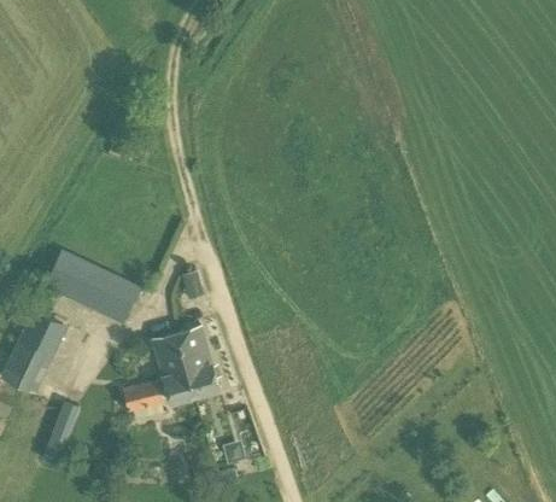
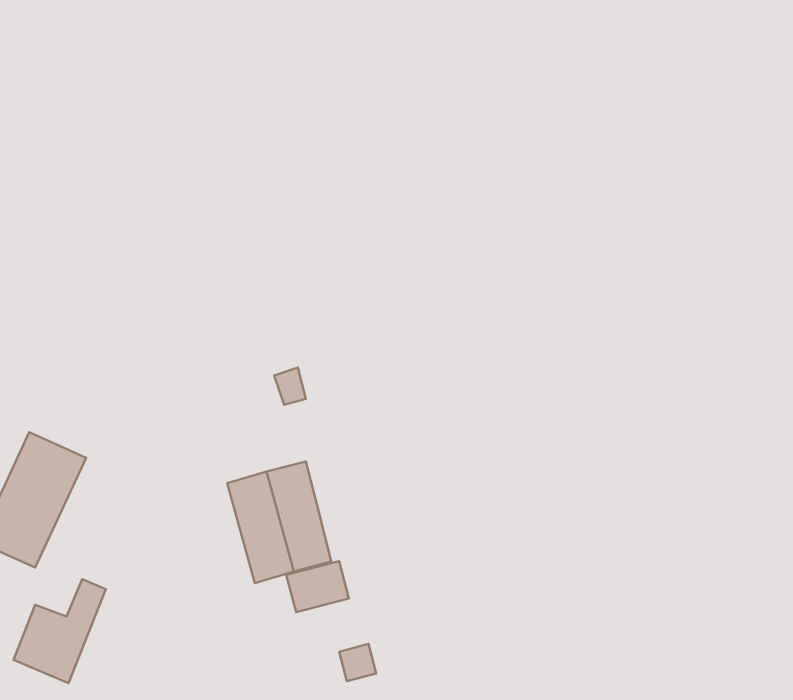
building: [45,250,139,321] -> none
building: [123,380,162,411] -> [286,561,349,612]

